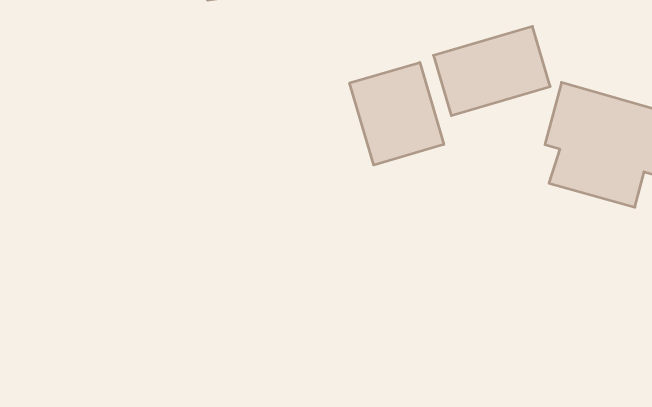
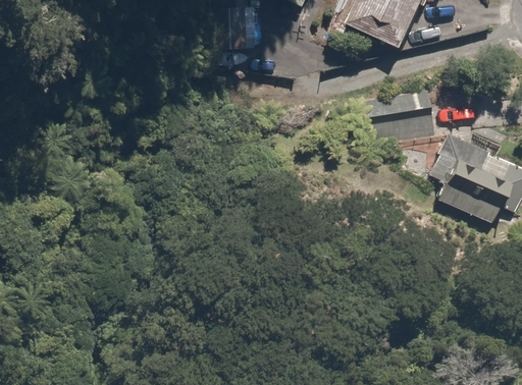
building: [350,62,444,165] -> none

